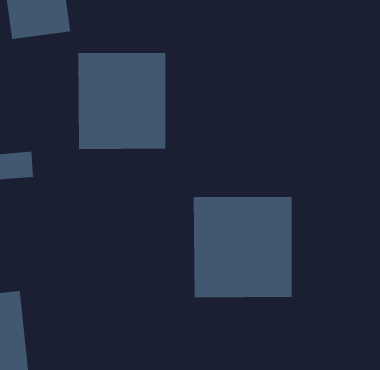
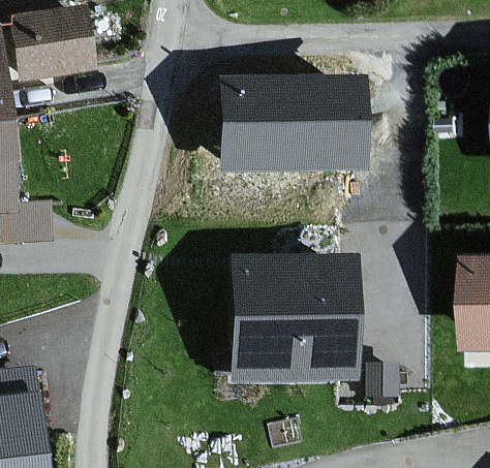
building: none -> [220,82,357,168]
building: [77,52,166,150] -> none

